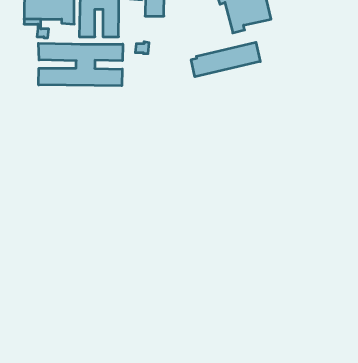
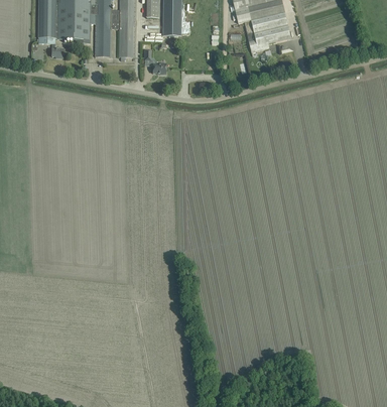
building: [191,42,260,77] -> none
building: [38,43,123,86] -> none

